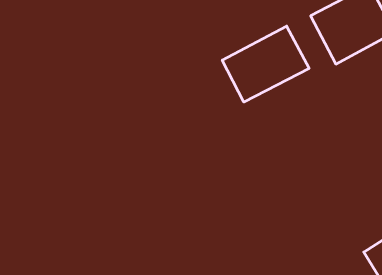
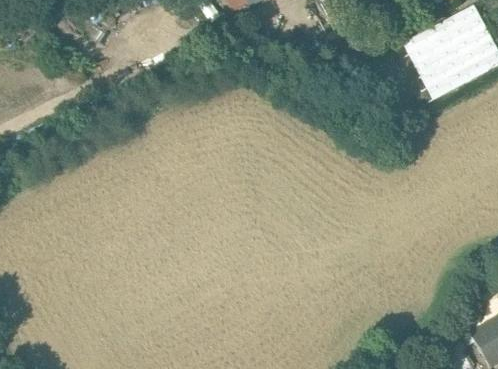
building: [222,26,309,102] -> none

